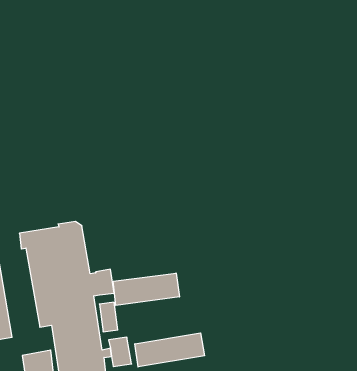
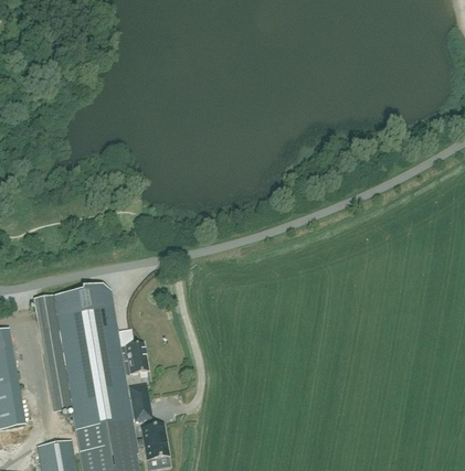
building: [113,273,179,305] -> none
building: [135,333,204,367] -> none

